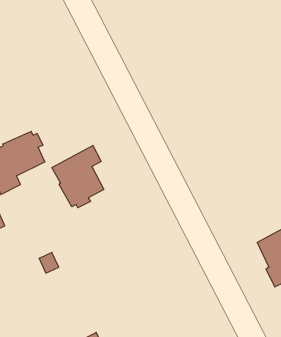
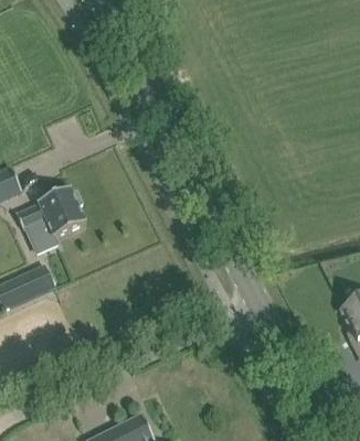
building: [52,145,104,208] -> none

